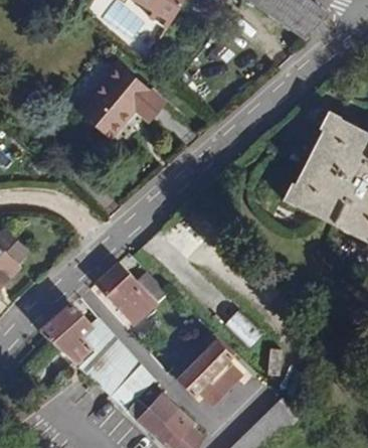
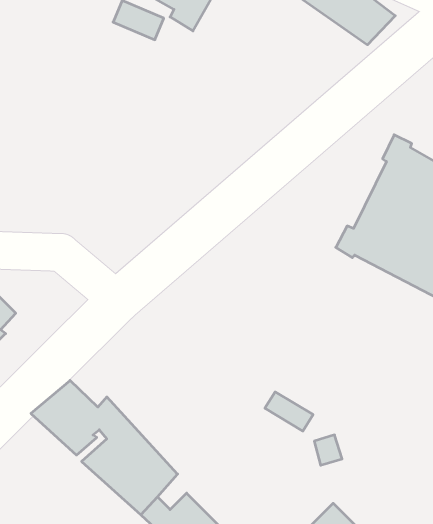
building: [79,62,166,138] -> none
building: [95,262,168,325] -> none
building: [177,340,244,407] -> none

